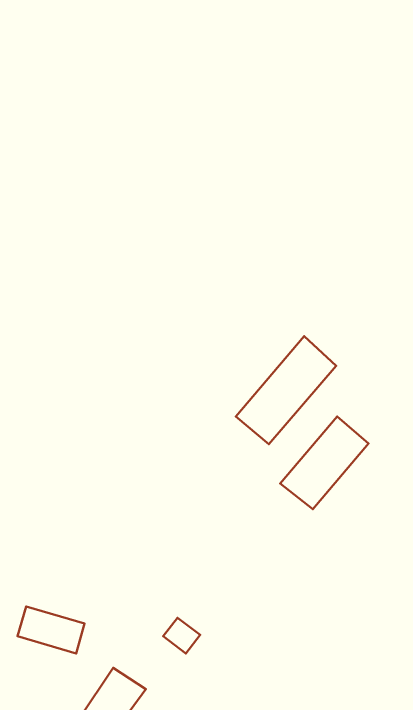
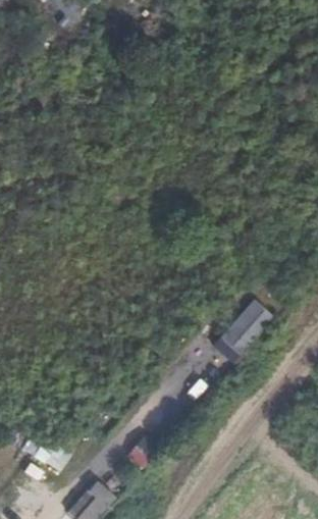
building: [236,336,336,444] -> none

